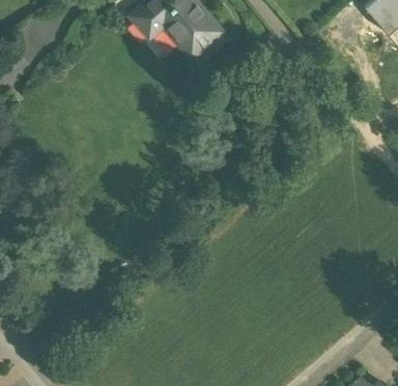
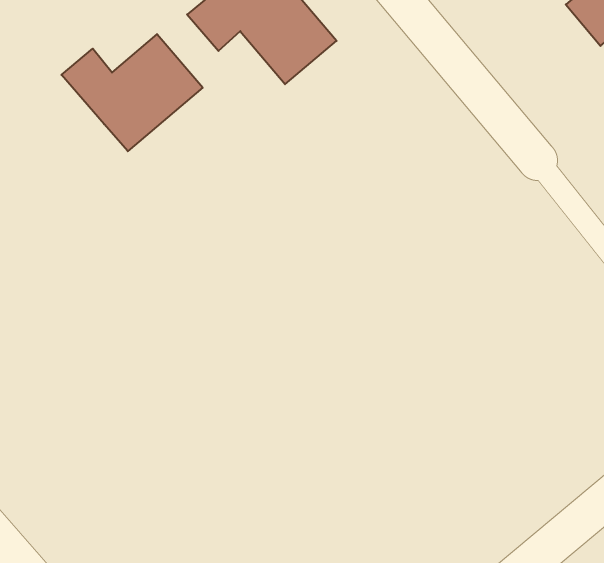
building: none -> [61,34,203,151]

